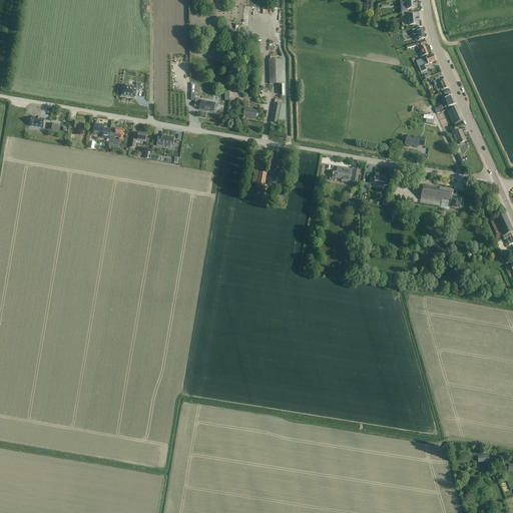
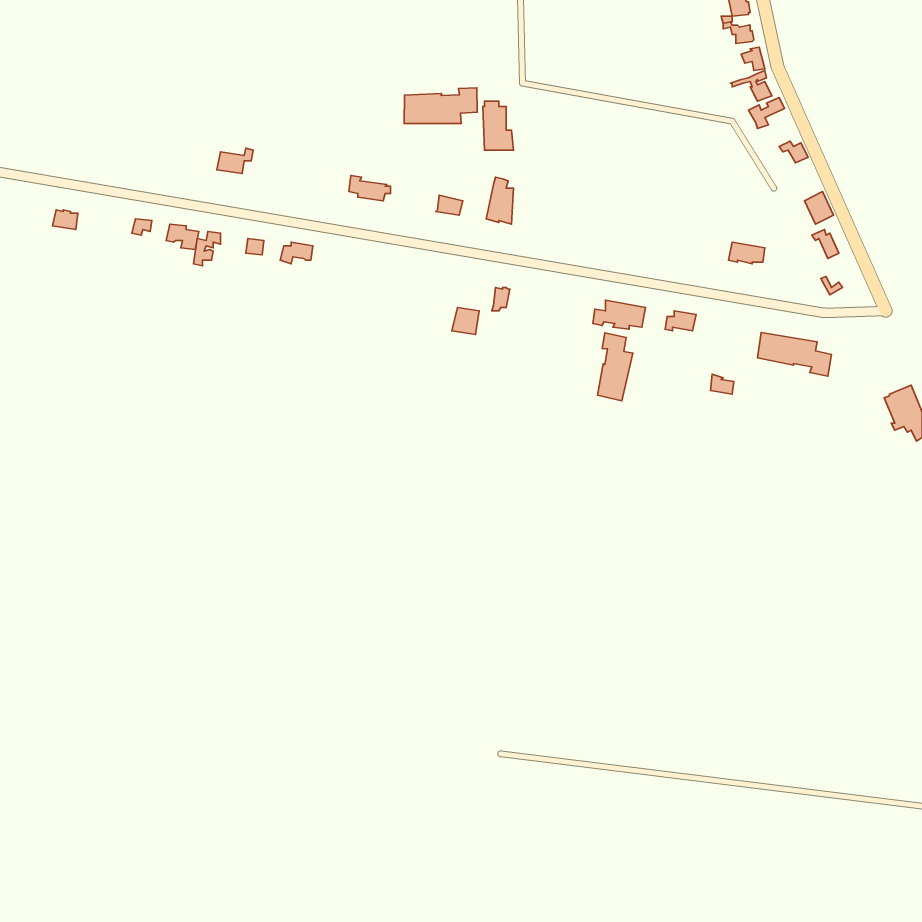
building: none -> [404,88,477,124]
building: none -> [597,333,633,401]

